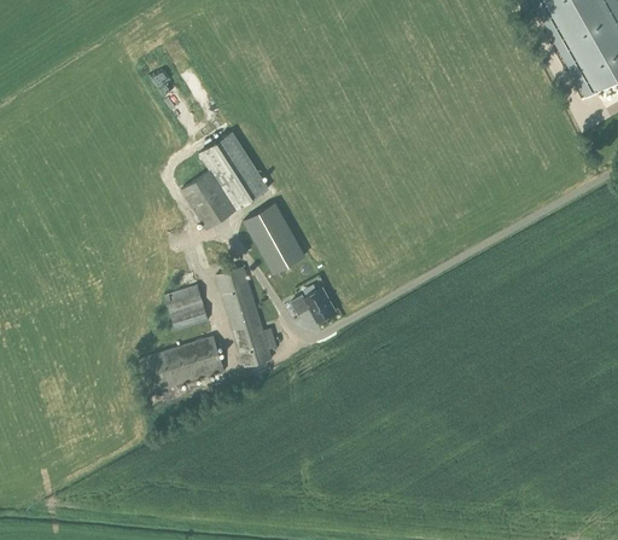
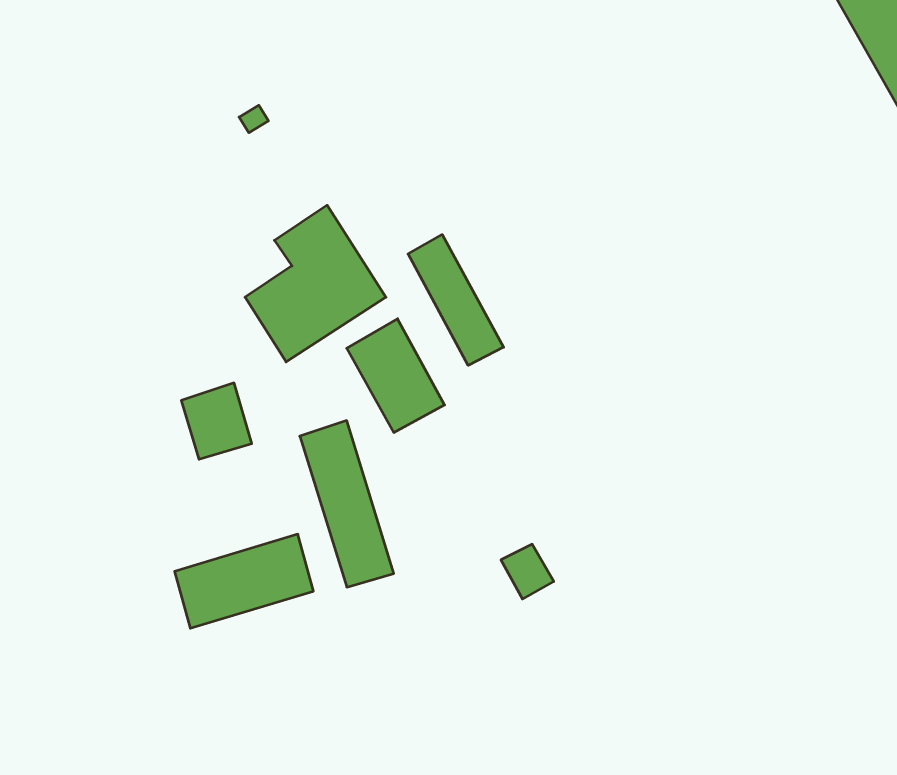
building: none -> [408,235,504,365]
building: [165,284,209,331] -> [181,383,252,459]
building: [303,289,336,323] -> [501,544,554,599]

